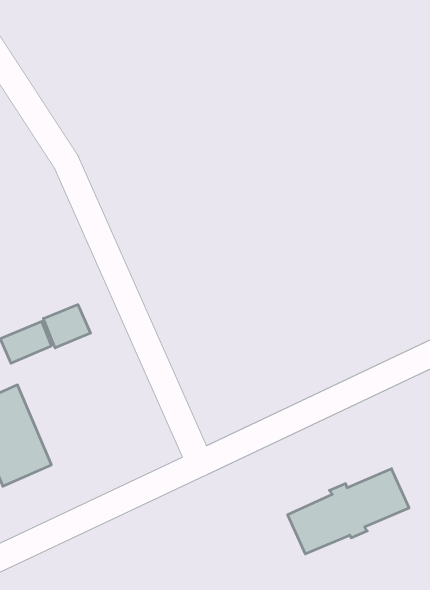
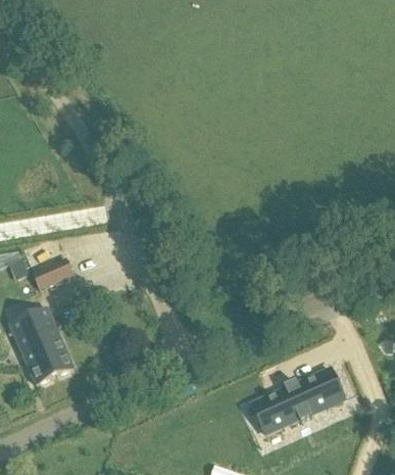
building: [43,305,91,348] -> none

